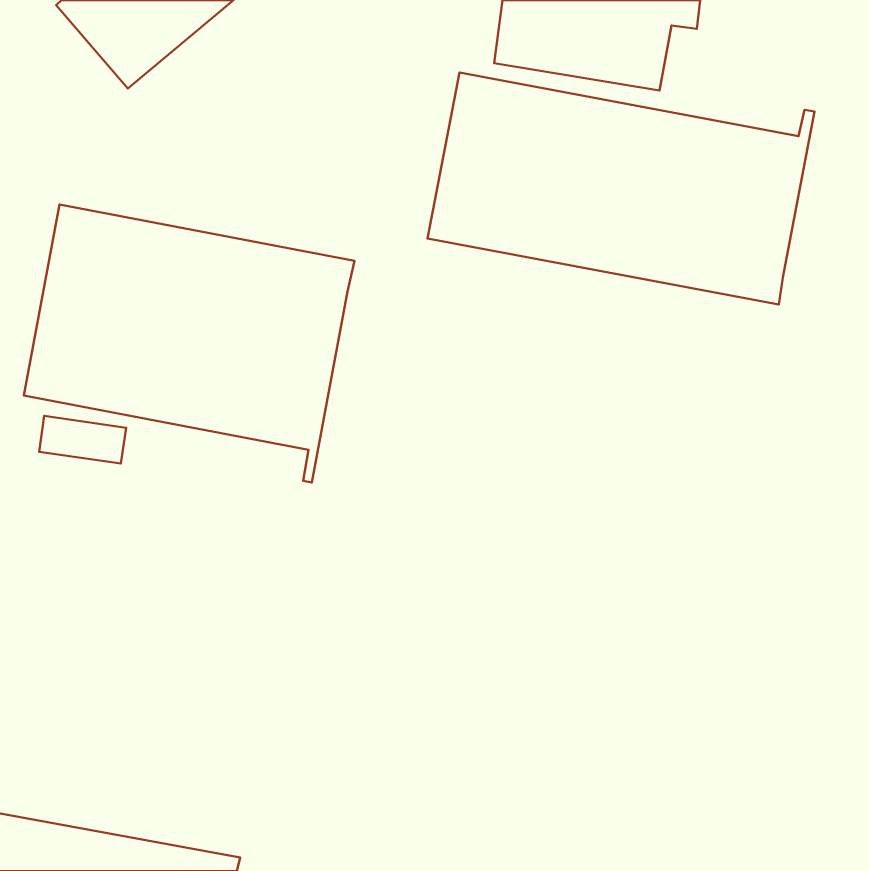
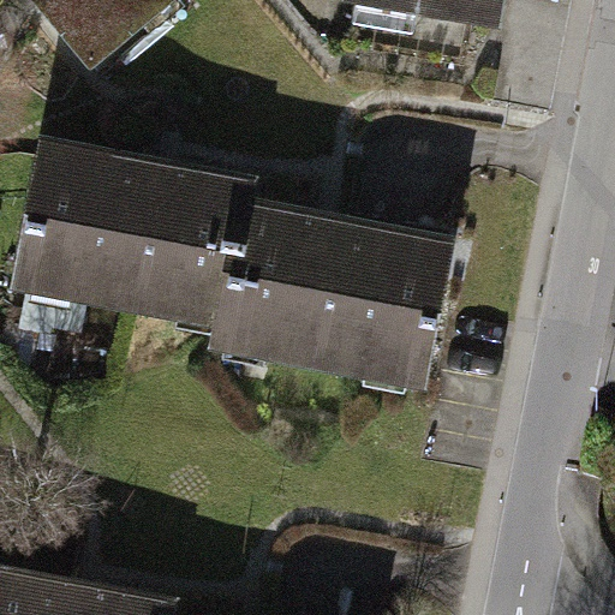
building: [427,73,815,305] -> none
building: none -> [220,205,449,380]

